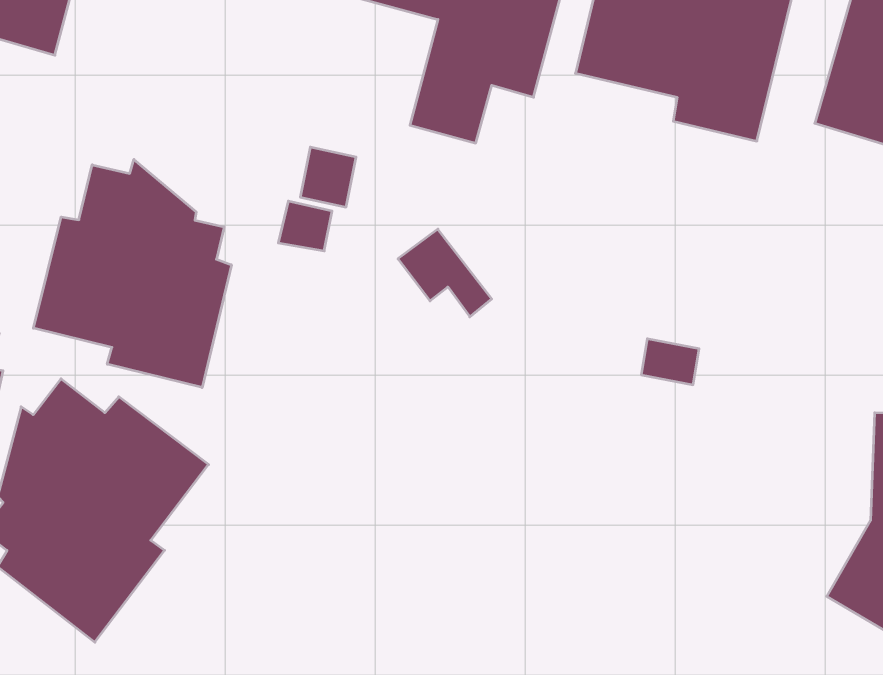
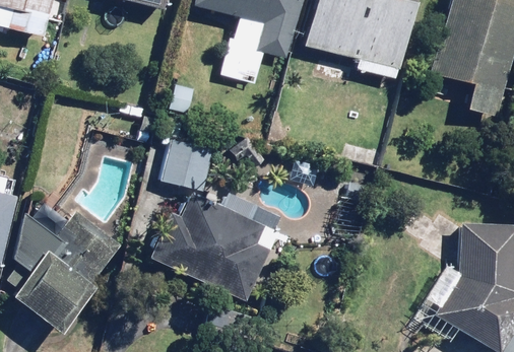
building: [33,159,231,388] -> none
building: none -> [159,140,214,191]
building: none -> [150,193,284,301]

